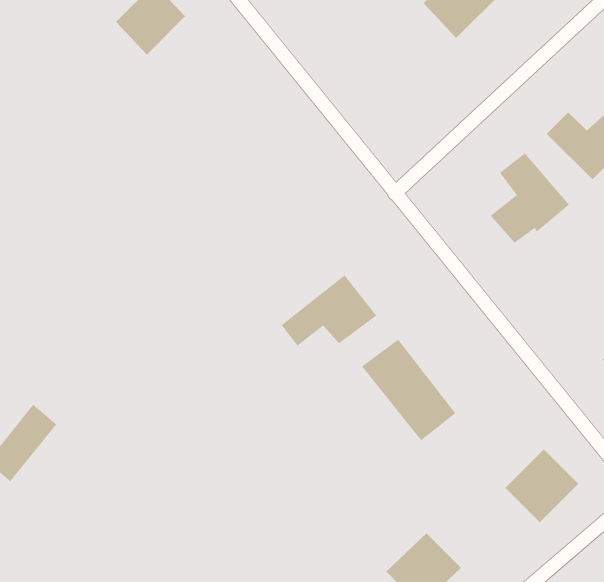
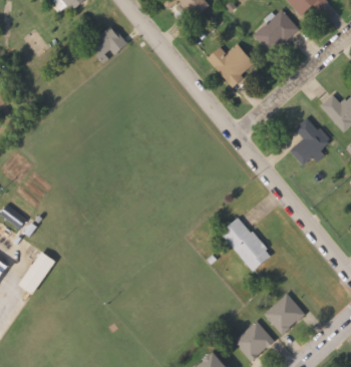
building: none -> [208,42,257,85]
building: [281,275,377,346] -> none
building: [505,449,579,523] -> [264,293,304,333]

